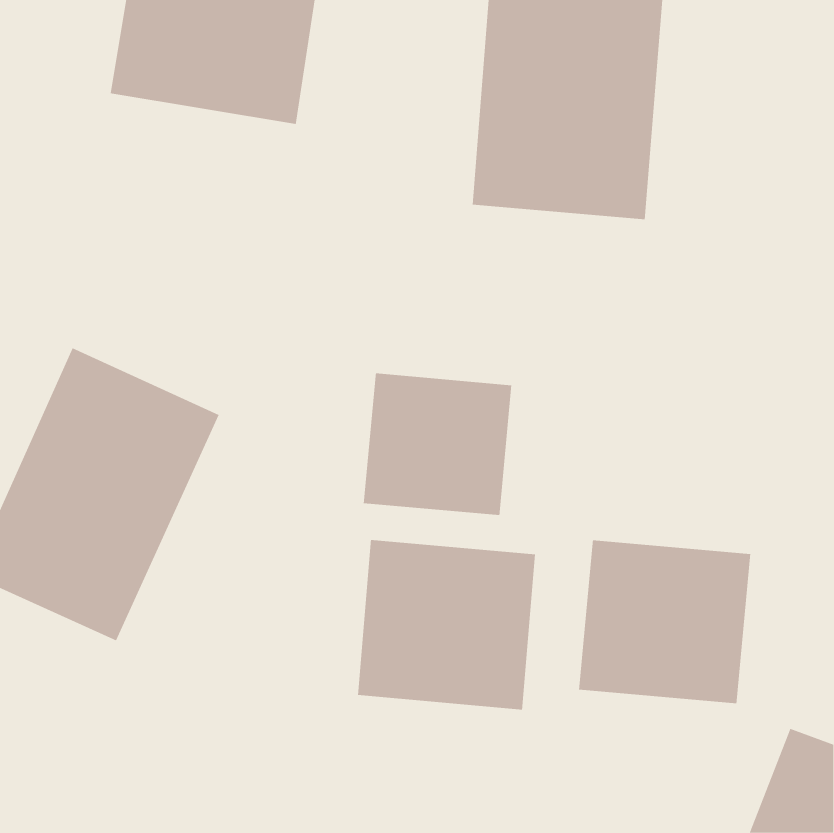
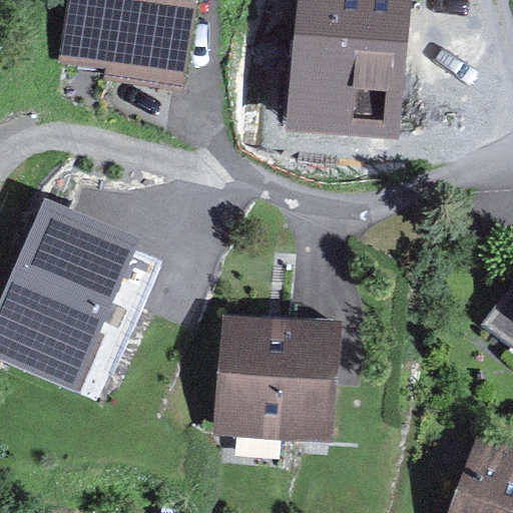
building: [363,373,512,516] -> none
building: [578,539,751,704] -> none

